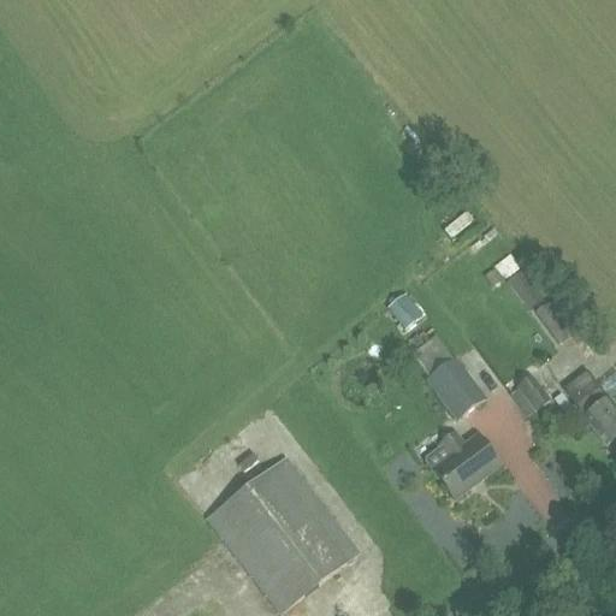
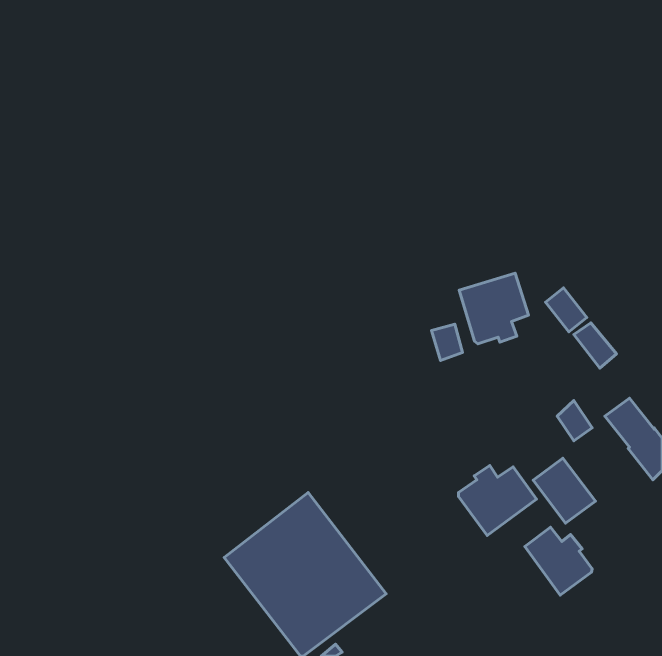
building: none -> [459,273,528,344]
building: [427,357,485,417] -> [533,458,595,523]
building: none -> [525,527,592,595]

